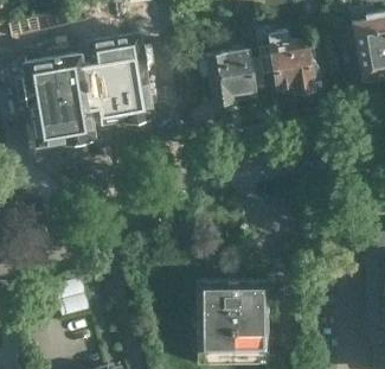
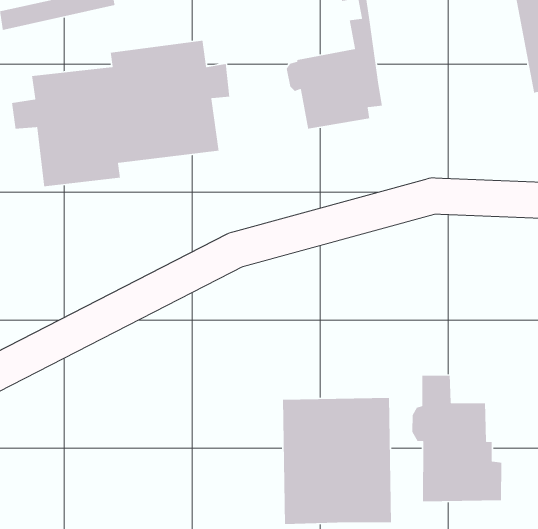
building: [255,27,321,93] -> none
building: none -> [411,375,502,502]

